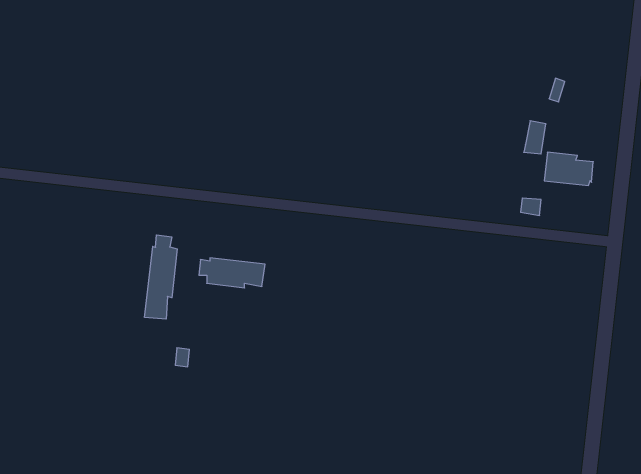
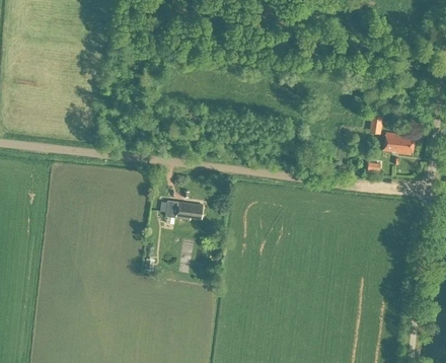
building: [145,235,177,319] -> none

